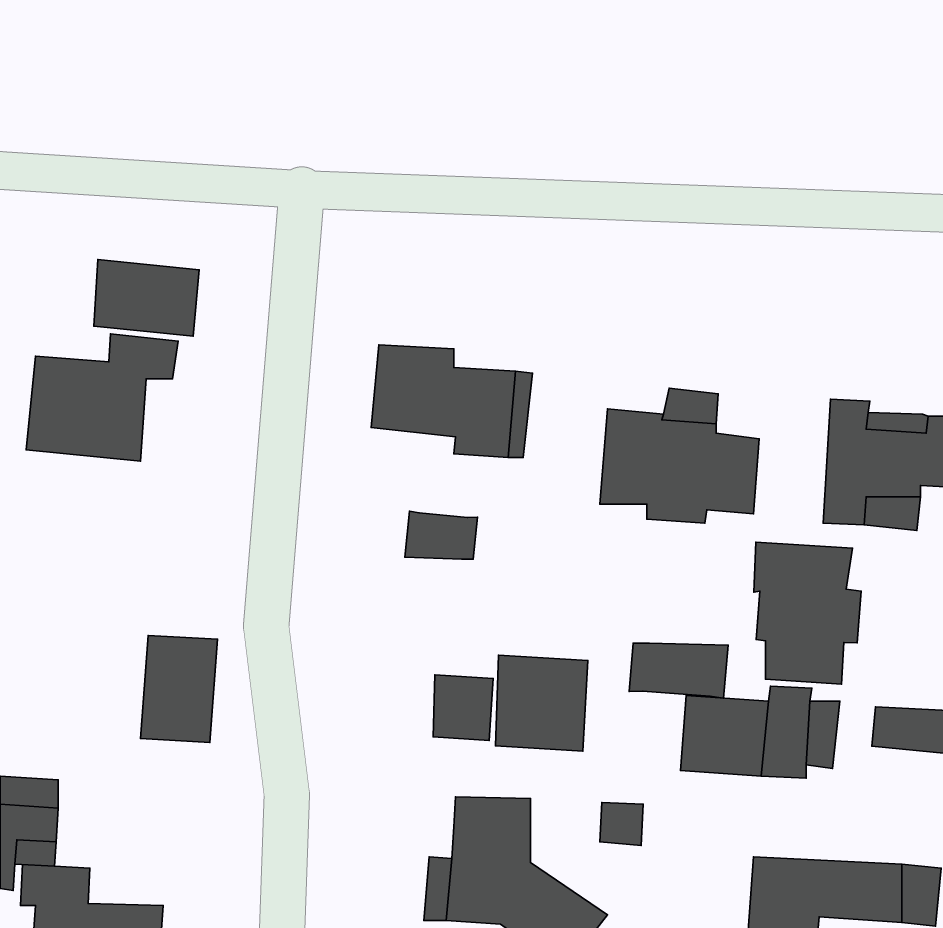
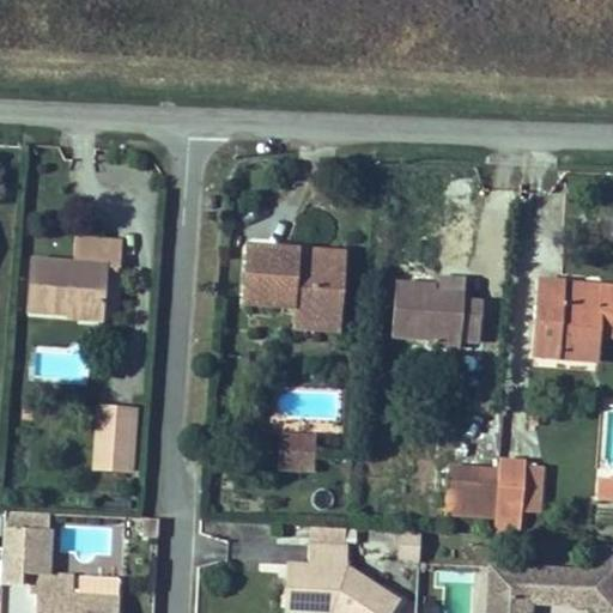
building: [94,260,199,336] -> none
building: [405,511,477,559] -> none
building: [754,542,861,684] -> none
building: [629,643,728,698] -> none
building: [496,655,588,751] -> none

